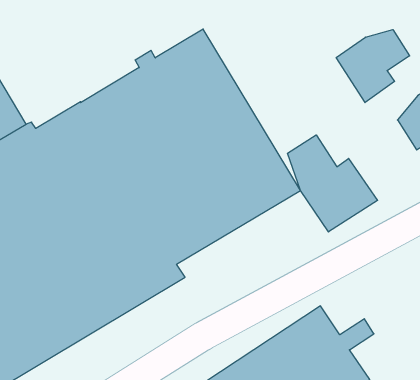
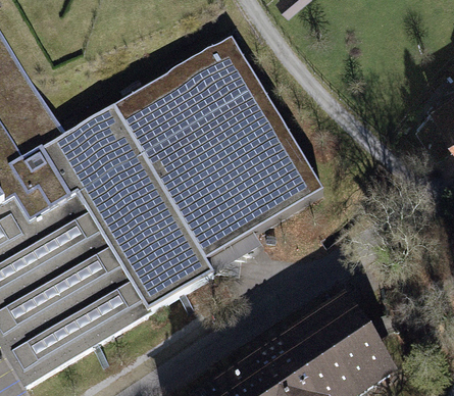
building: [336,30,410,103] -> none
building: [287,135,378,232] -> none

